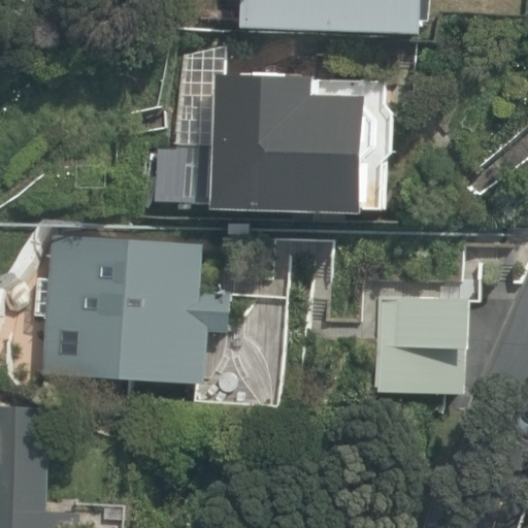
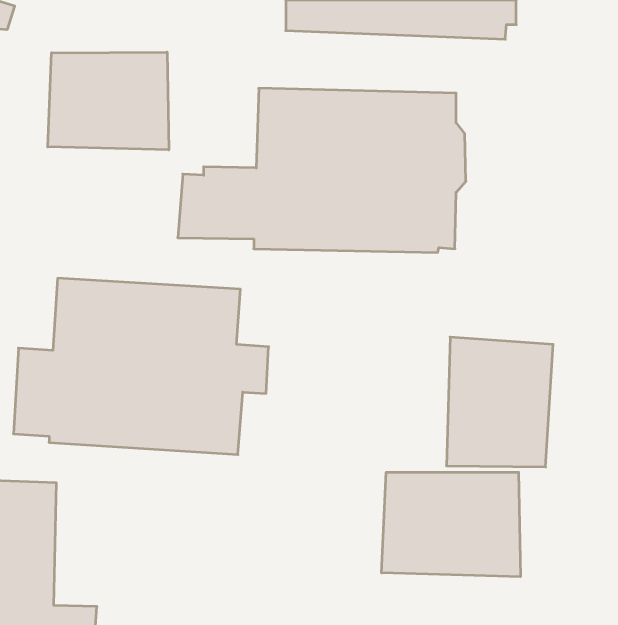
building: none -> [48,52,169,150]
building: none -> [382,472,520,577]

